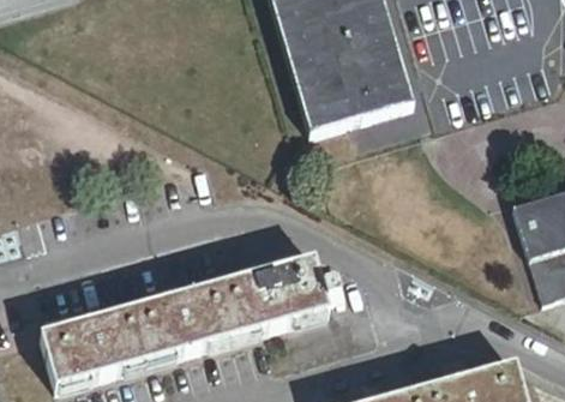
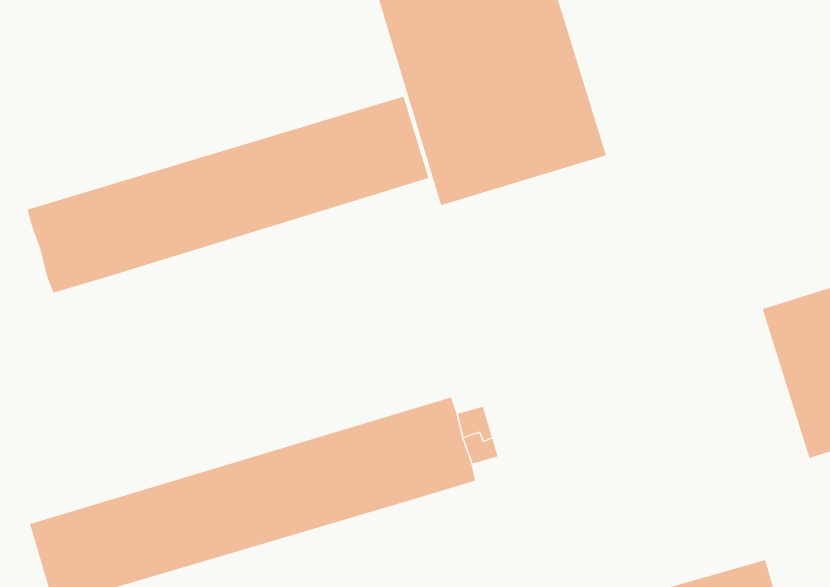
building: none -> [27,96,429,294]

